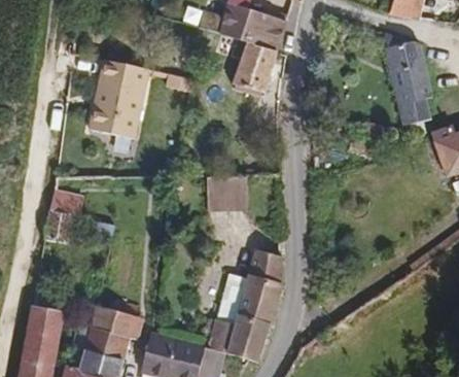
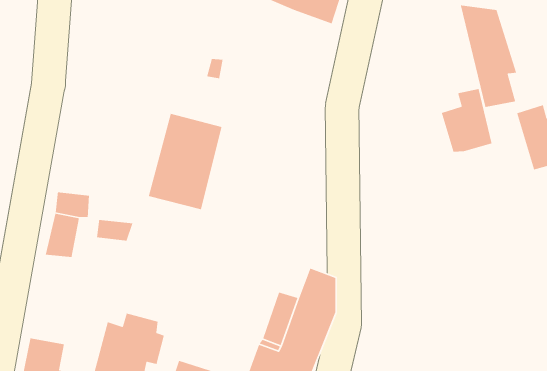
building: [235,43,279,94] -> none
building: [89,64,150,144] -> [148,113,223,210]
building: none -> [441,88,493,153]
building: [211,173,248,206] -> none

